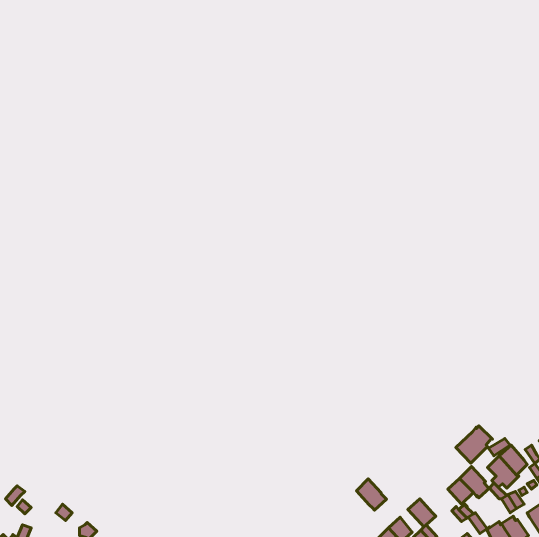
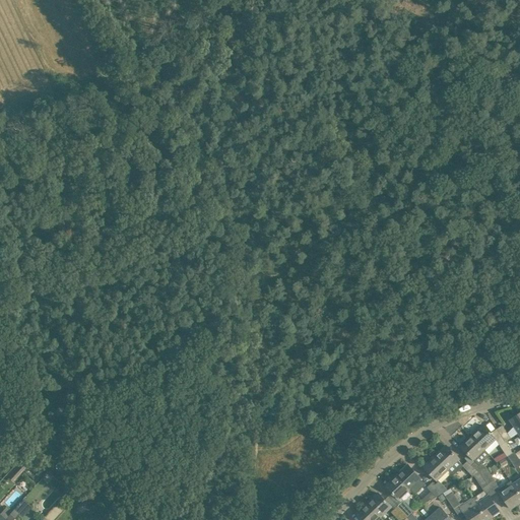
building: [456,426,492,463] -> none
building: [356,479,386,510] -> [397,465,426,495]

